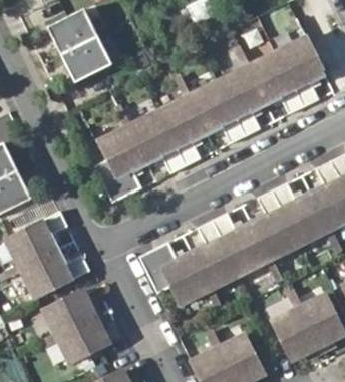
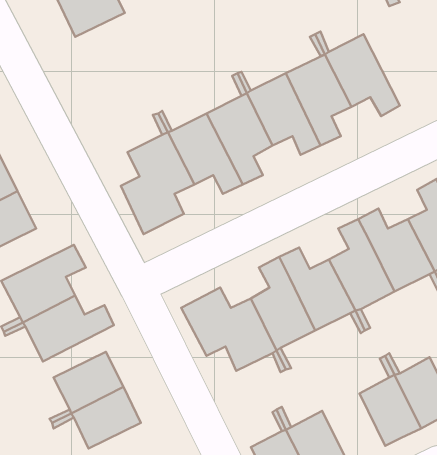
building: [61,36,112,81] -> none
building: [277,37,327,105] -> none

